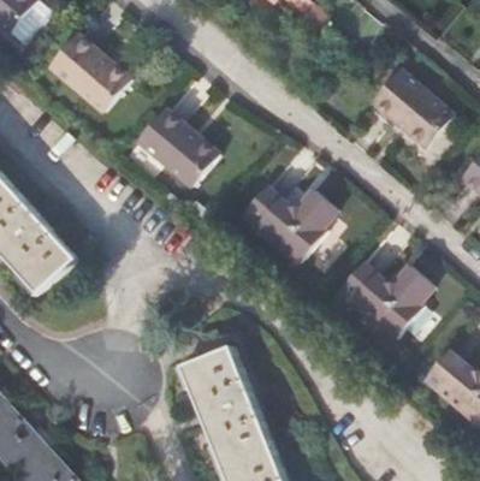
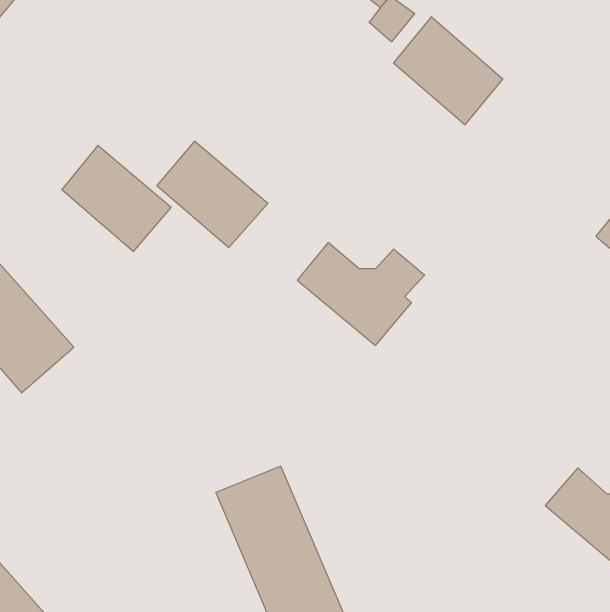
building: [53,34,134,112] -> [62,145,171,252]
building: [373,69,454,148] -> [394,17,503,125]
building: [338,261,431,337] -> none

